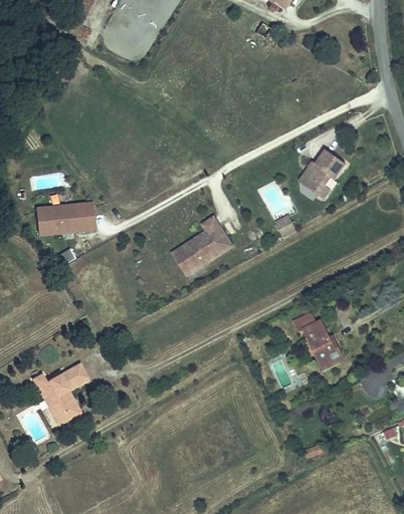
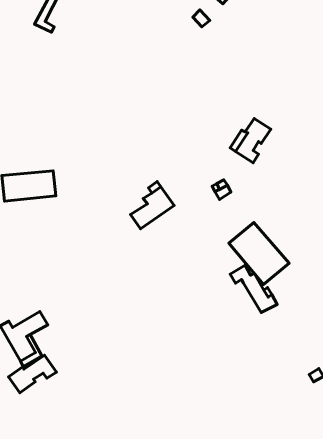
building: [171,235,200,273] -> none
building: none -> [229,223,289,285]
building: none -> [9,355,57,393]

